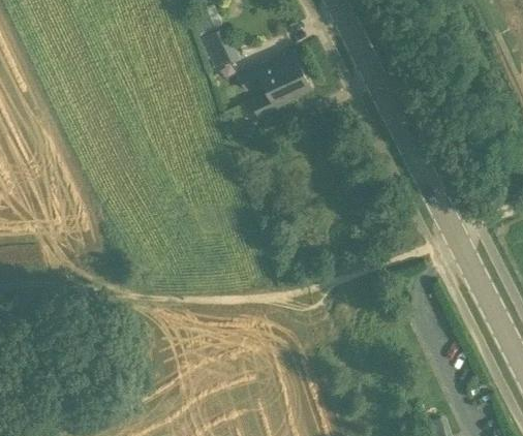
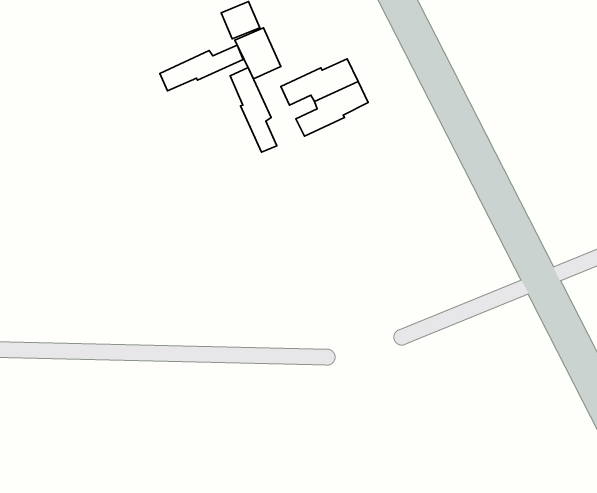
building: none -> [160,45,243,91]
building: none -> [230,68,277,152]

